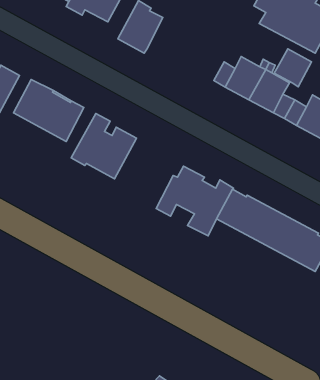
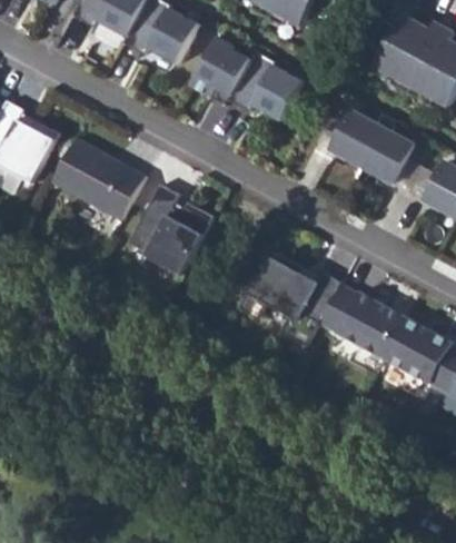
building: none -> [228,51,303,121]
building: [274,49,311,87] -> none

